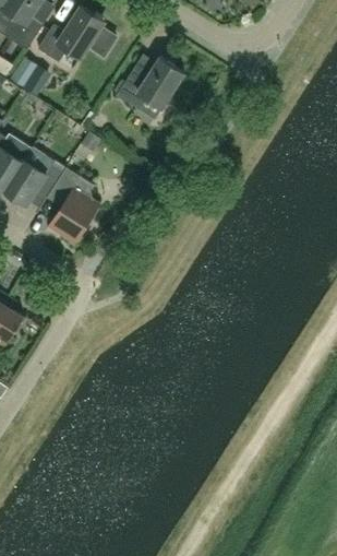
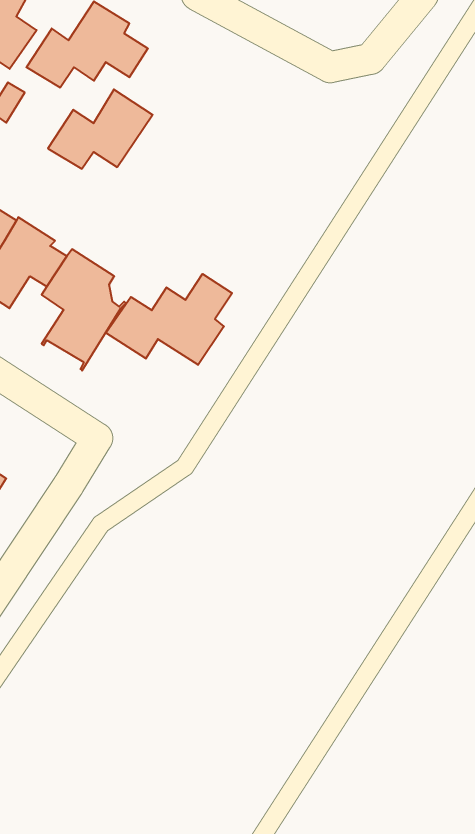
building: [117,57,184,108] -> [48,89,153,169]
building: none -> [106,274,232,365]

